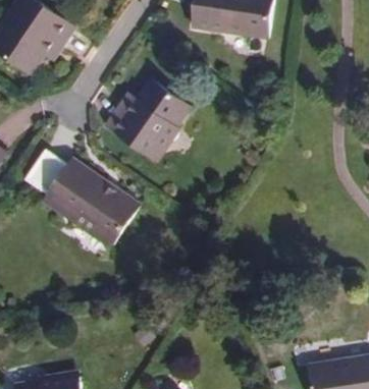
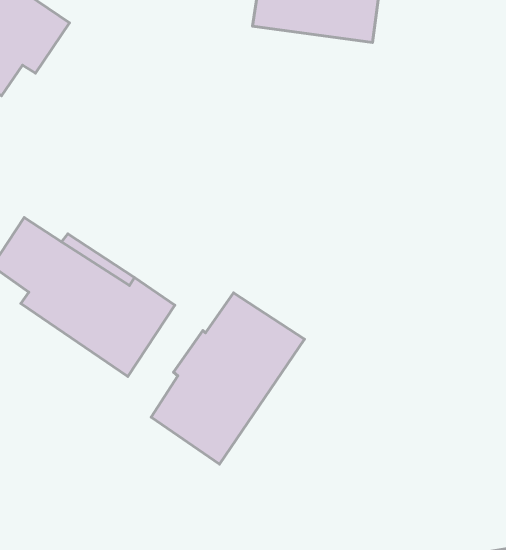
building: [108,73,190,158] -> none
building: none -> [151,293,304,464]

